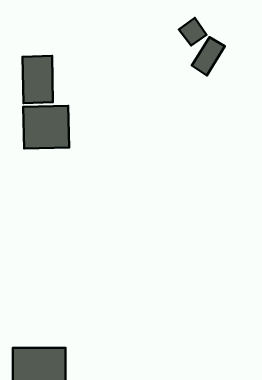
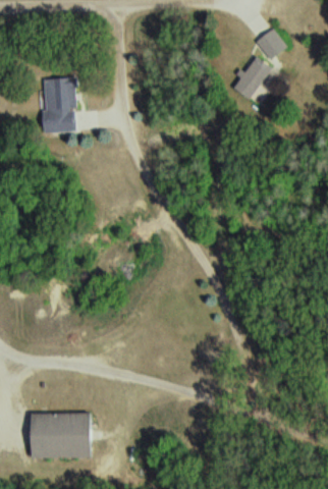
building: [179,18,206,46] -> [256,29,287,60]
building: [23,106,69,148] -> none

